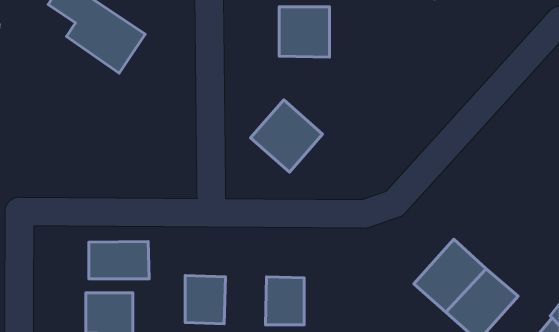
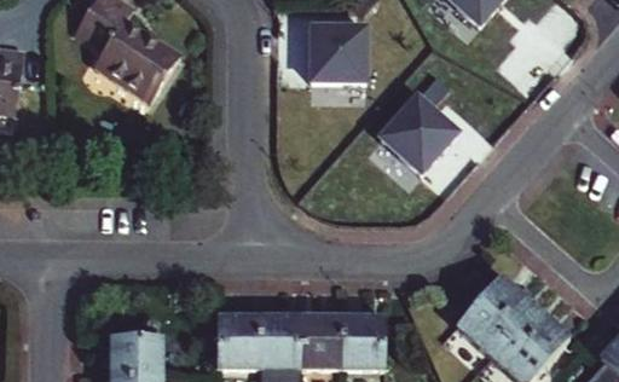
building: [251,100,323,172] -> [386,99,462,175]
building: [89,242,149,279] -> none
building: none -> [259,317,303,367]
building: none -> [343,318,383,369]

